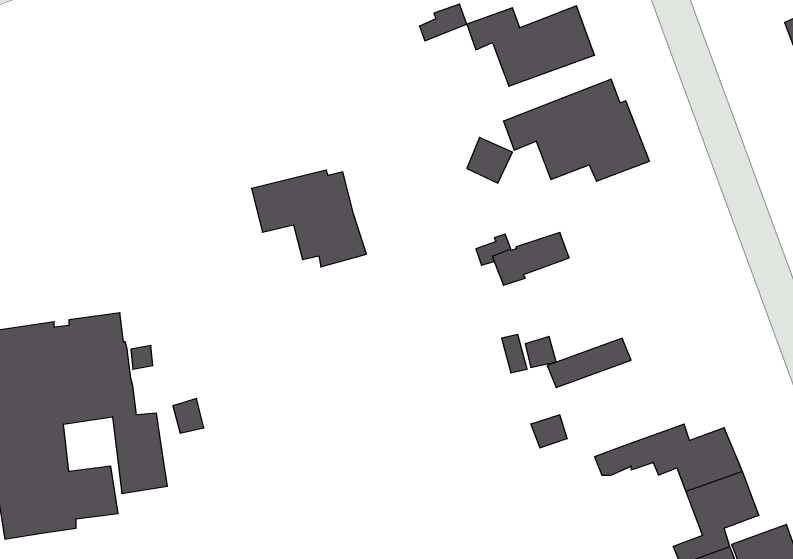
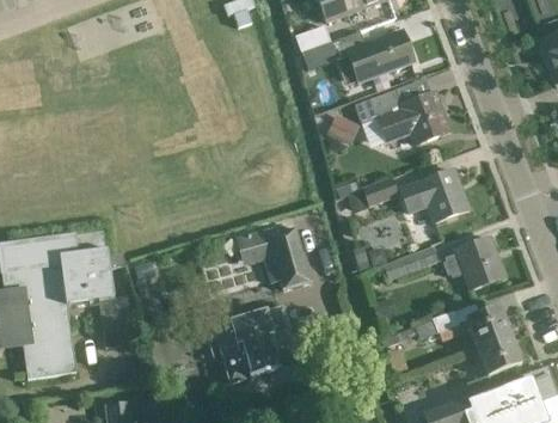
building: [251,170,366,267] -> [235,225,311,288]
building: none -> [399,170,468,222]
building: none -> [444,237,504,289]
building: none -> [213,306,298,382]

